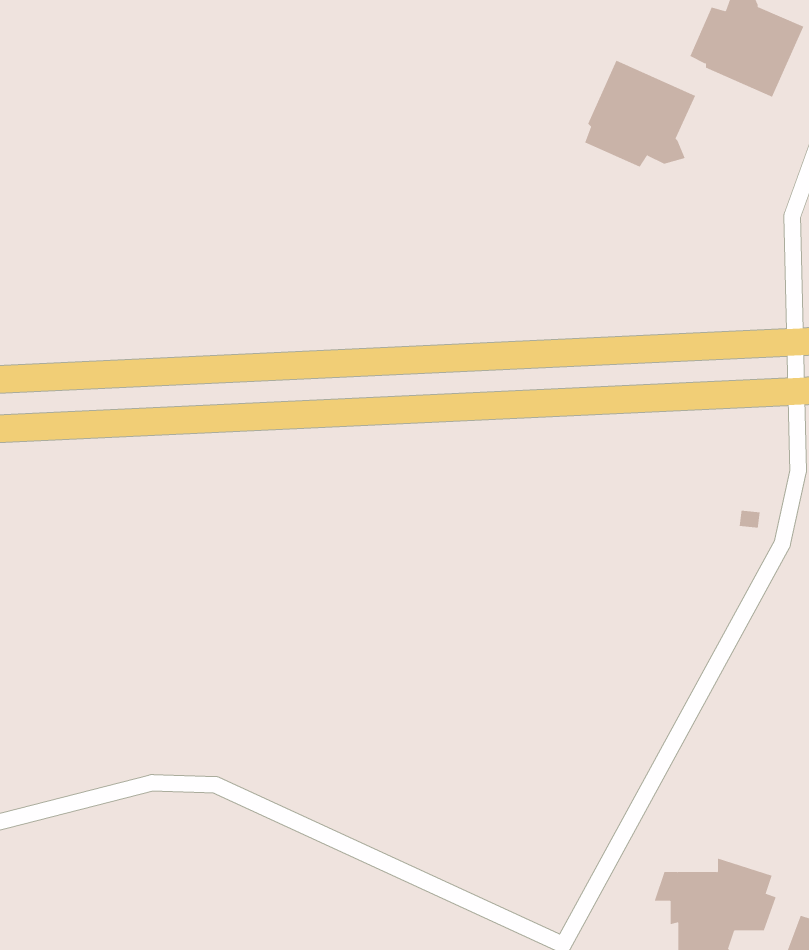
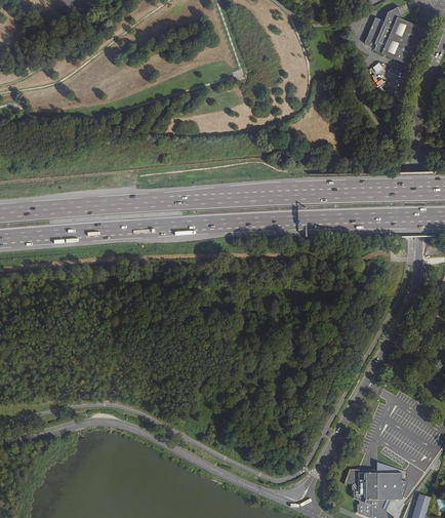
building: [584,60,696,168] -> none

